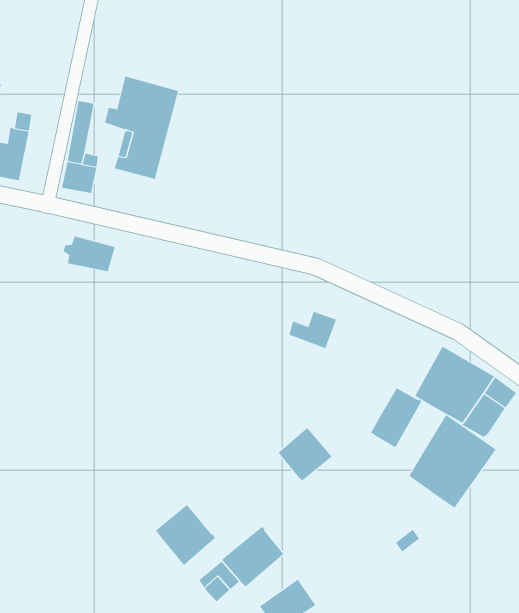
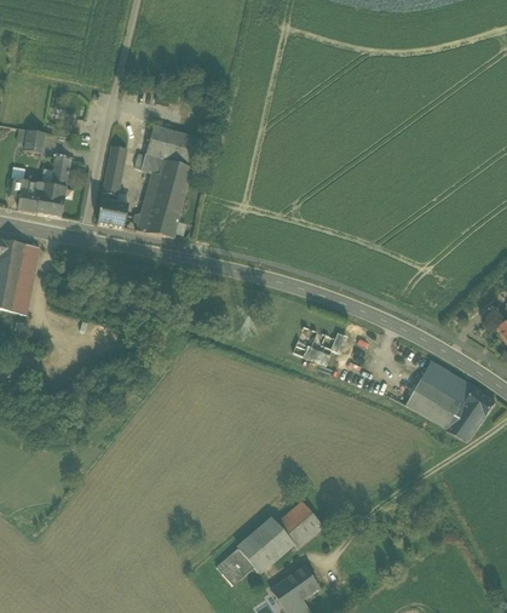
building: [63,236,116,272] -> [133,206,179,237]
building: [370,387,422,448] -> none
building: [408,414,497,508] -> none
building: [277,427,333,481] -> [275,500,323,548]
building: [155,504,216,566] -> none

